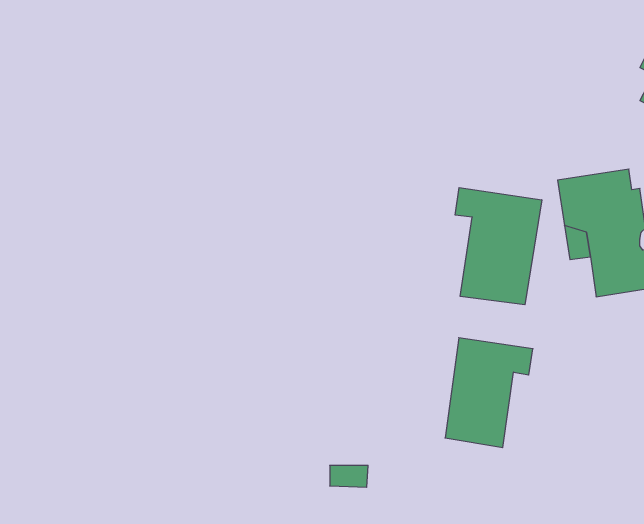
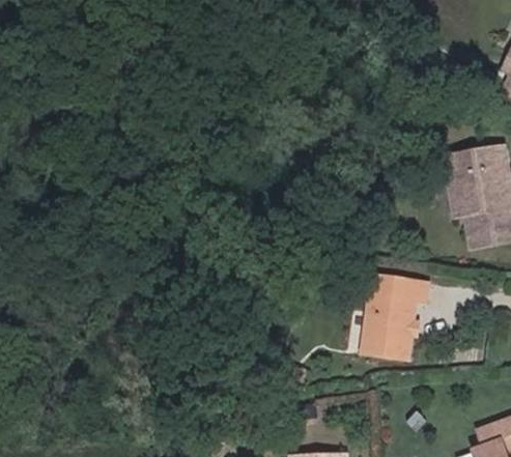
building: [455,188,542,305] -> none

